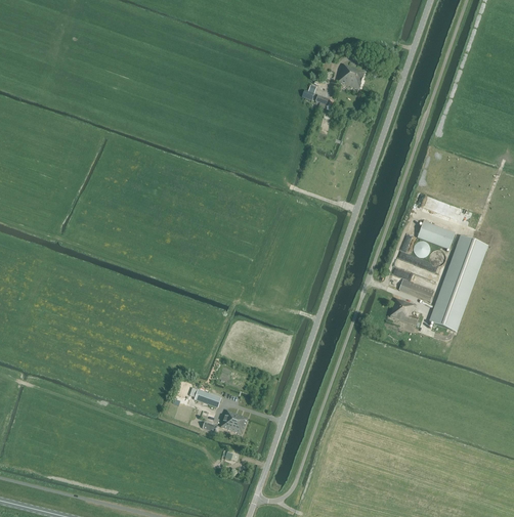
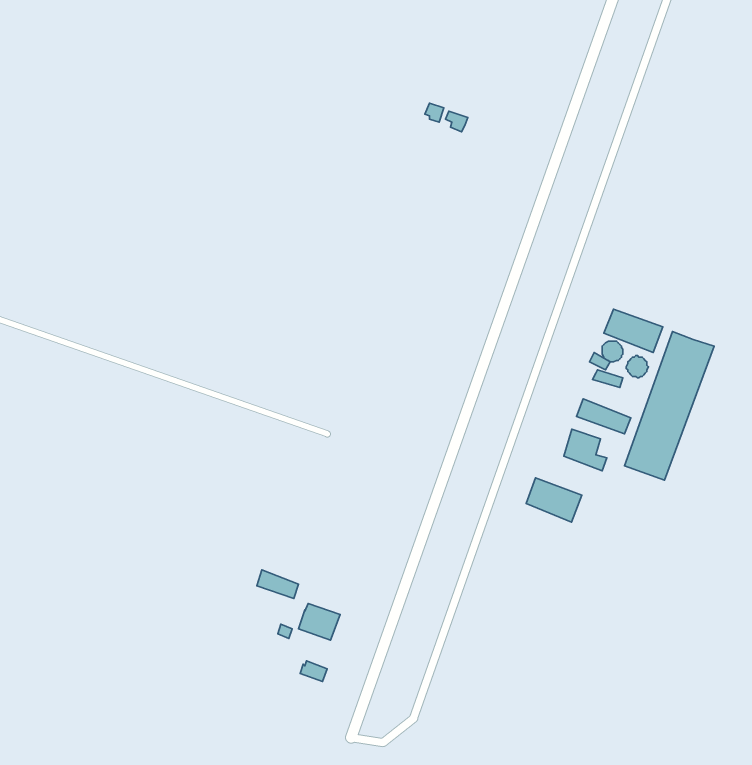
building: [336,63,365,89] -> none
building: none -> [526,478,582,522]

